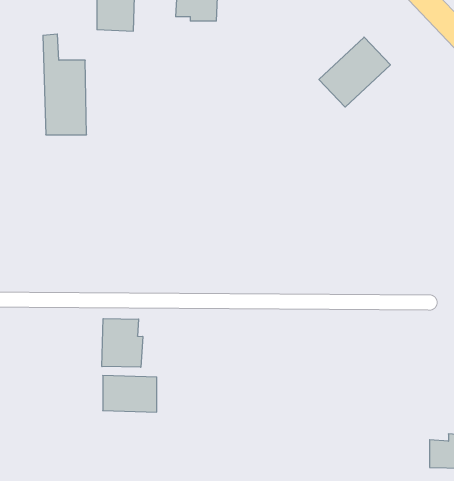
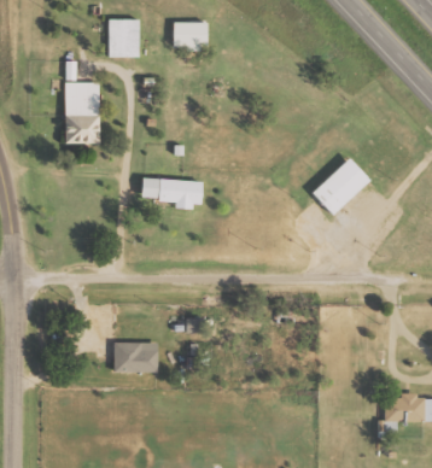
building: [319,37,390,107] -> [313,158,372,216]
building: none -> [142,179,204,209]
building: [102,319,143,367] -> none

